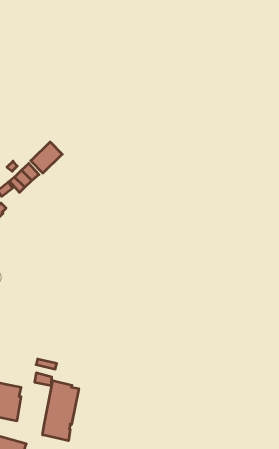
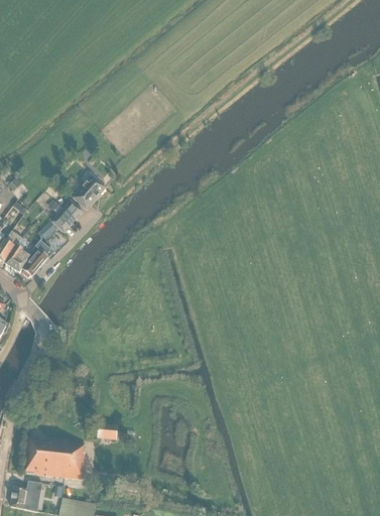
building: [43,381,79,441] -> none

